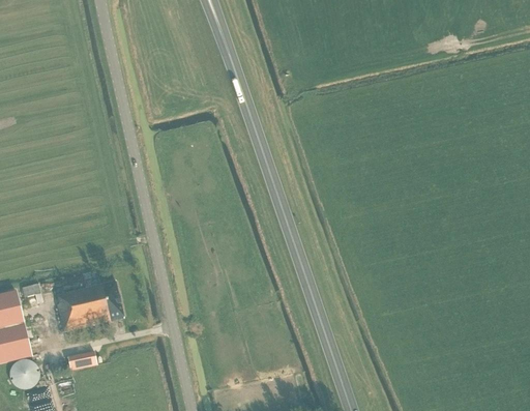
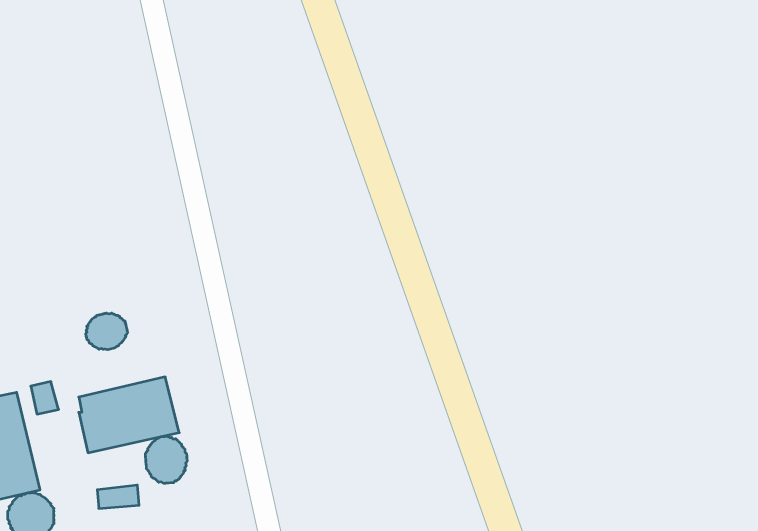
building: none -> [86,313,128,350]
building: none -> [145,436,187,483]

